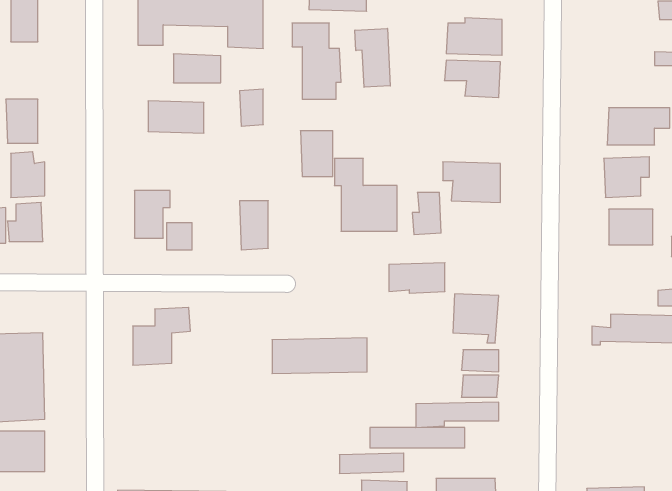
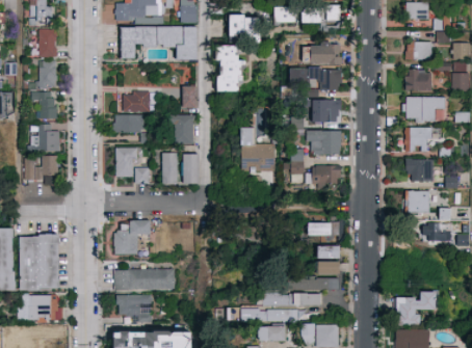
building: none -> [404,41,431,59]
building: [355,28,390,87] -> none
building: none -> [37,60,57,87]
building: [173,54,221,83] -> [115,114,145,132]
building: none -> [404,70,434,90]
building: none -> [311,99,339,123]
building: [300,131,333,177] -> [174,115,193,143]
building: none -> [161,153,178,184]
building: none -> [407,190,429,213]
building: [389,263,445,293] -> [305,166,339,185]
building: [272,338,367,374] -> [114,268,173,290]
building: none -> [394,291,434,322]
building: none -> [119,294,153,323]

